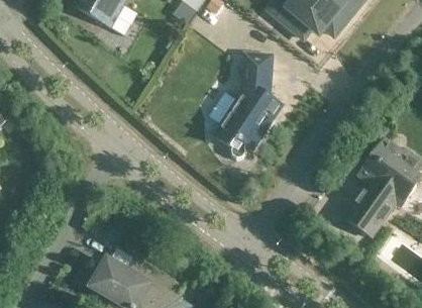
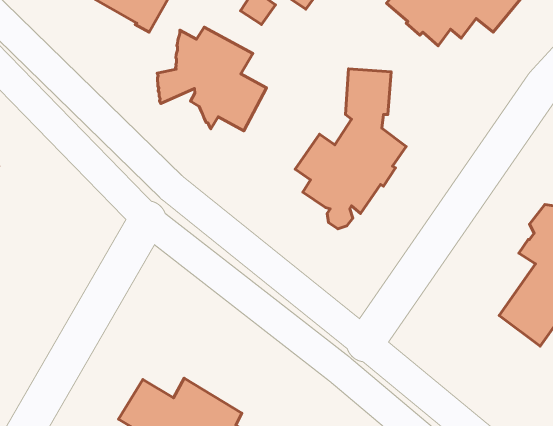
building: none -> [157,27,266,131]

